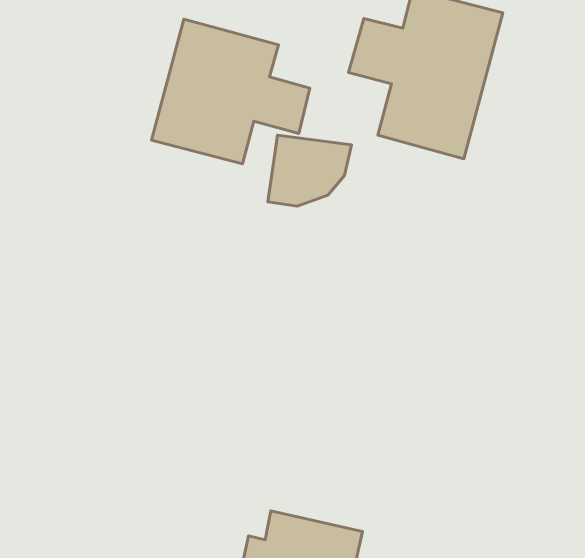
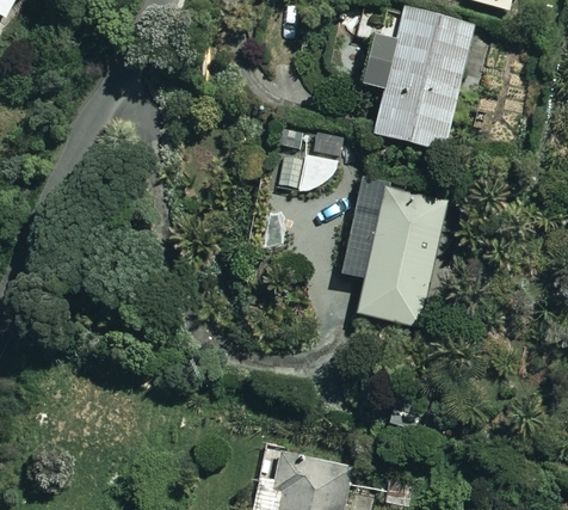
building: [152,19,310,164] -> none
building: none -> [356,184,447,326]

